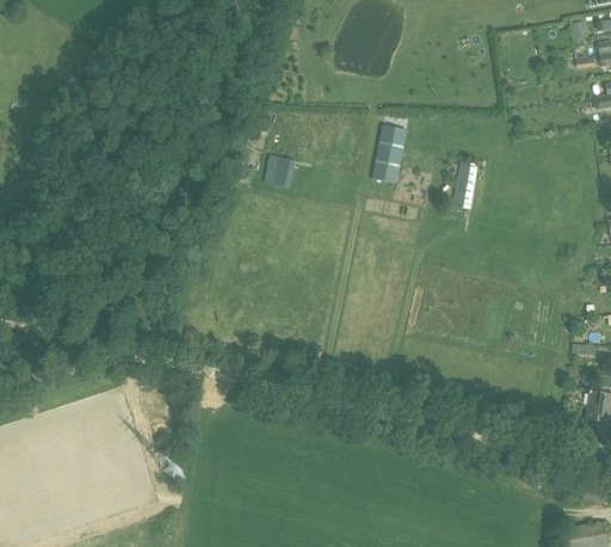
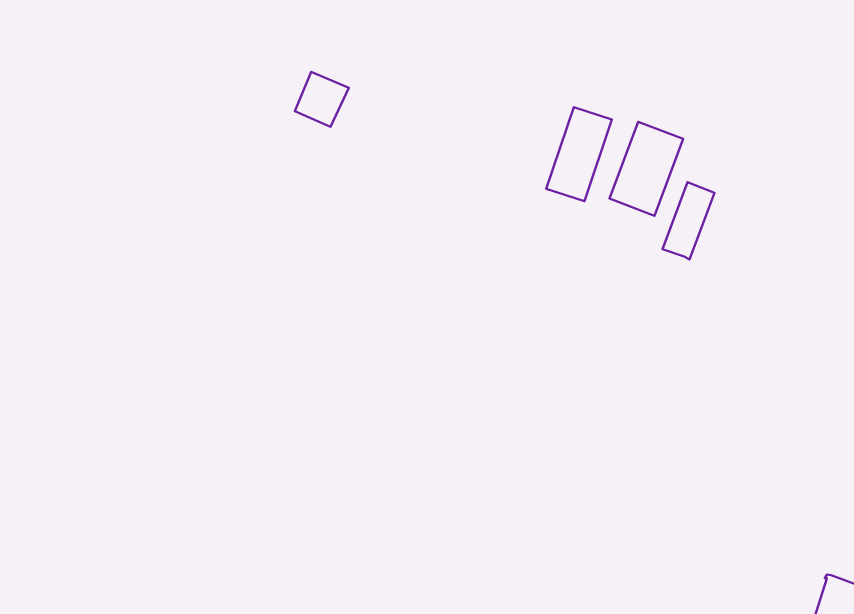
building: none -> [609,122,683,216]
building: [264,154,295,186] -> [295,72,349,127]

